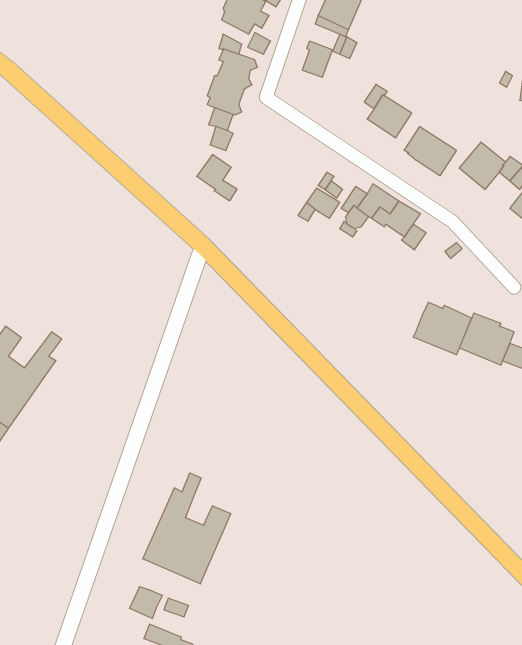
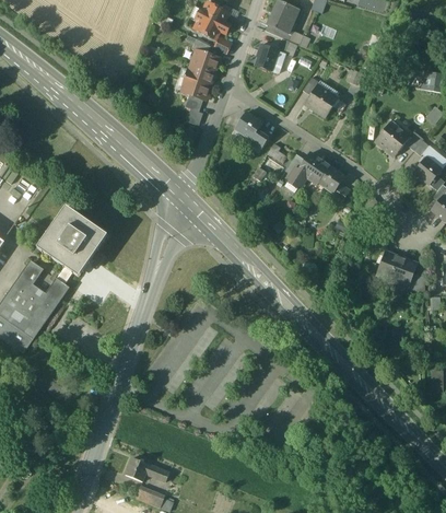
building: [404,127,456,176] -> none
building: [197,155,237,201] -> [236,112,267,147]
building: none -> [39,208,104,271]
building: [413,302,472,355] -> none
building: [143,473,231,584] -> none

